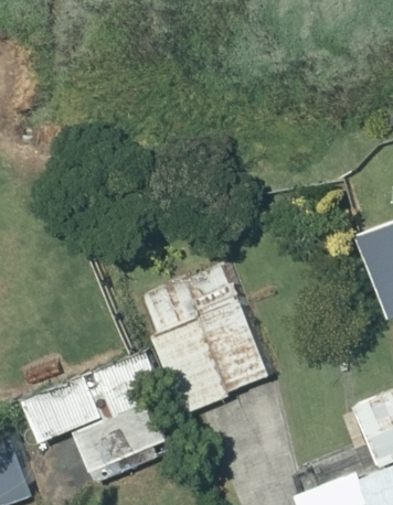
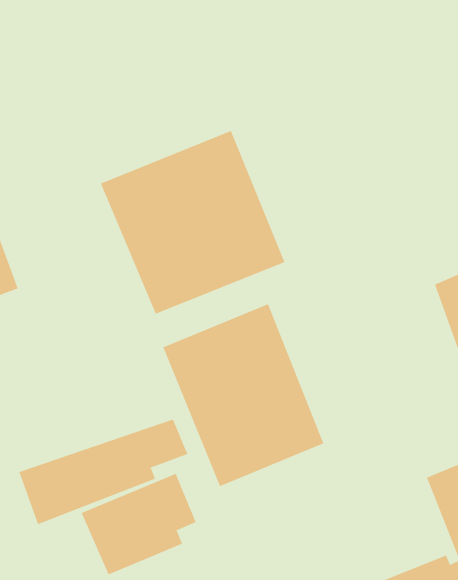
building: none -> [100,130,285,314]

